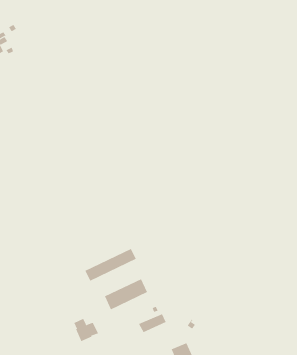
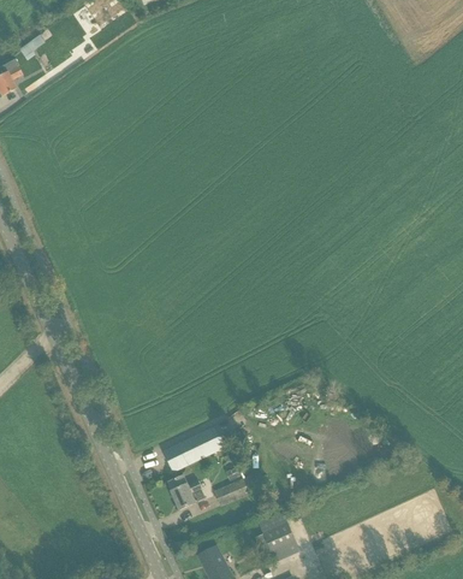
building: [85,248,137,282] -> none
building: [74,318,99,342] -> [168,475,206,510]

